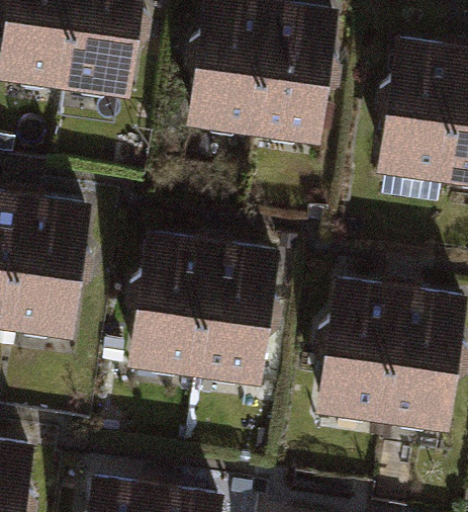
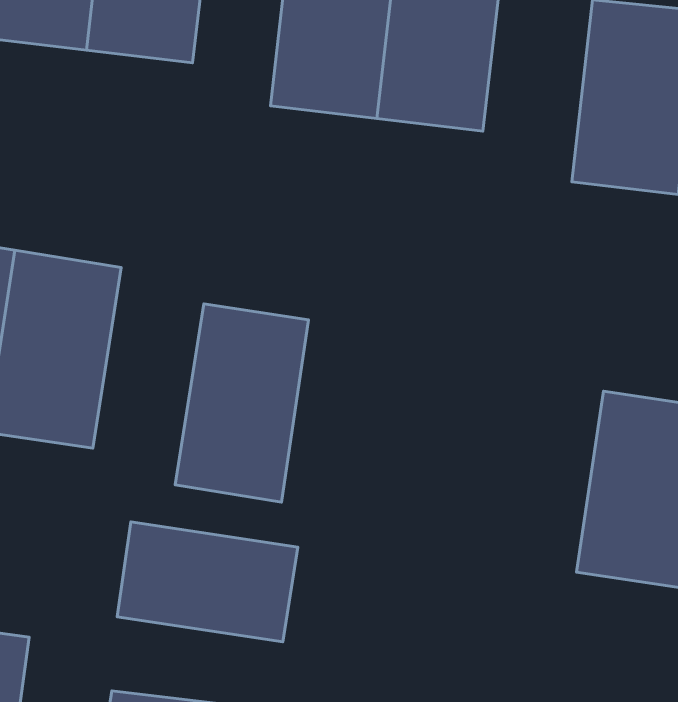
building: [194,244,279,370] -> none
building: [314,278,399,405] -> none
building: none -> [117,522,298,642]

